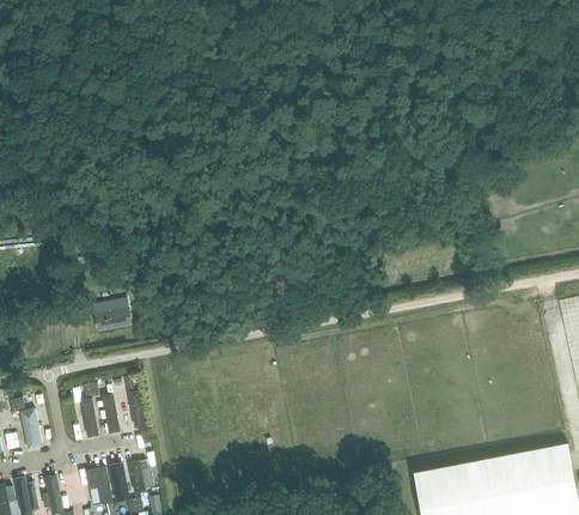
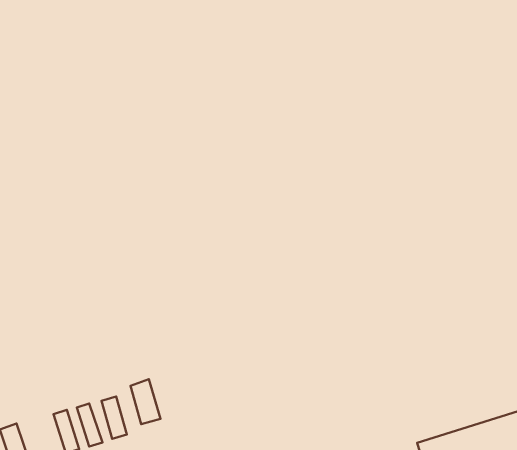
building: [95,307,130,331] -> none
building: none -> [130,379,160,424]

